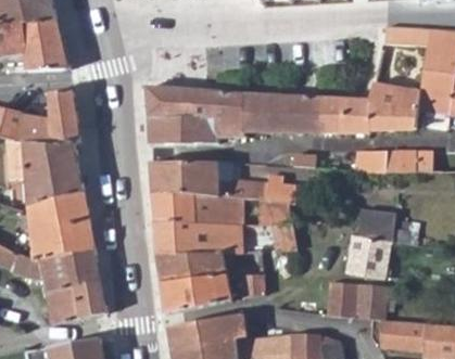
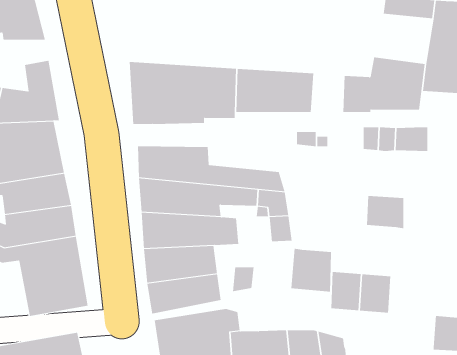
building: [312,98,341,133] -> none
building: [351,235,389,275] -> [290,248,332,292]
building: [382,317,425,348] -> none

